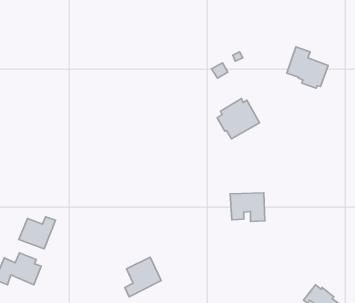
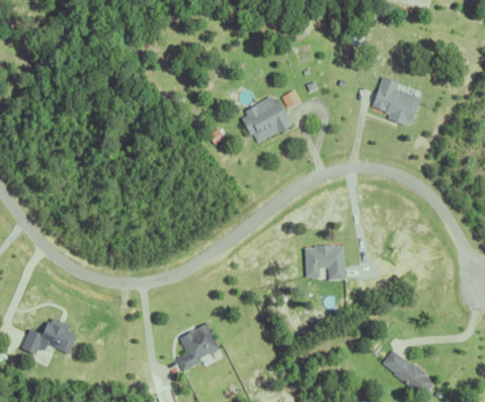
building: [217,98,259,139] -> [242,93,293,142]
building: [19,217,55,249] -> none

